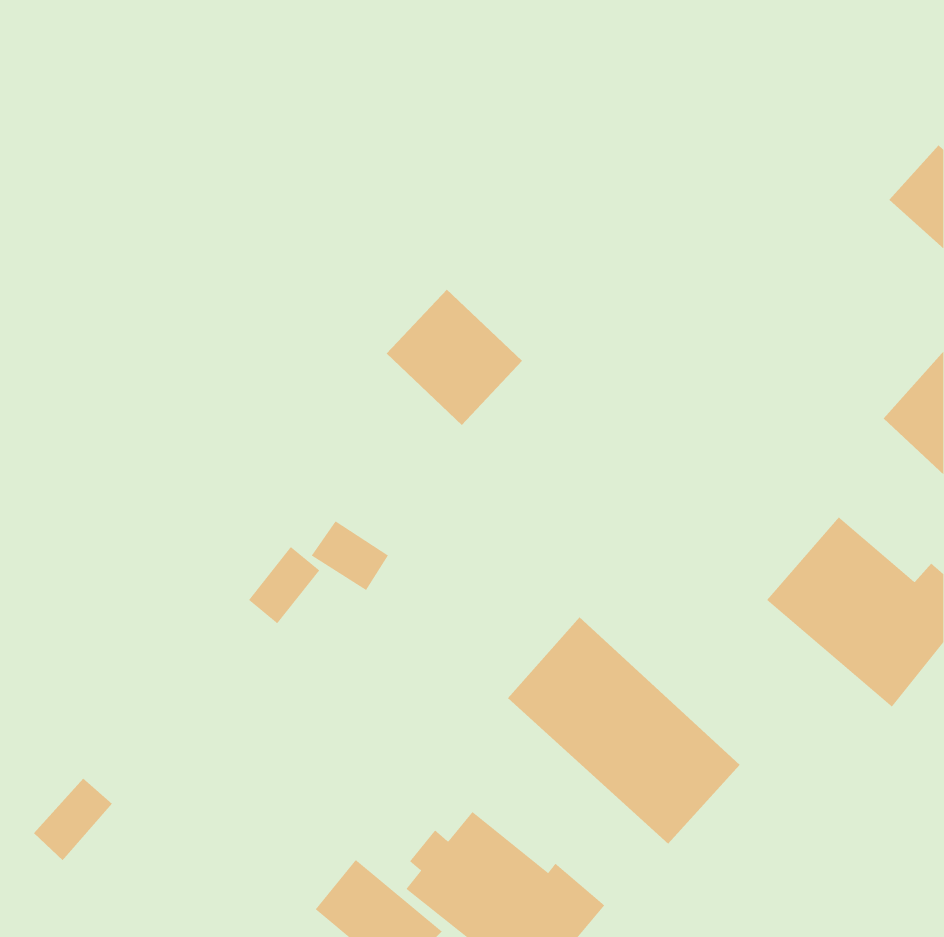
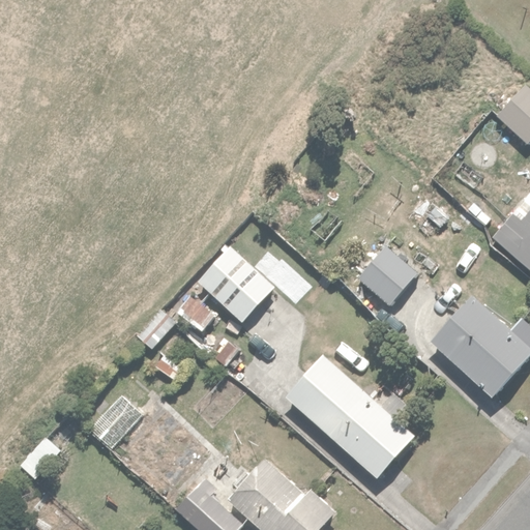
building: [386,289,523,426] -> [199,245,275,322]
building: none -> [358,246,414,303]
building: none -> [92,395,148,452]

